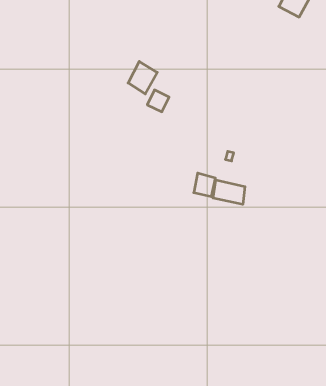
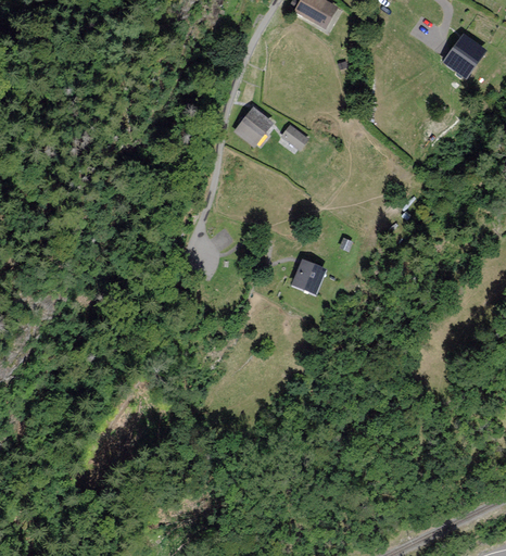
building: [147,90,169,112] -> [278,123,307,152]
building: [213,180,245,204] -> none

